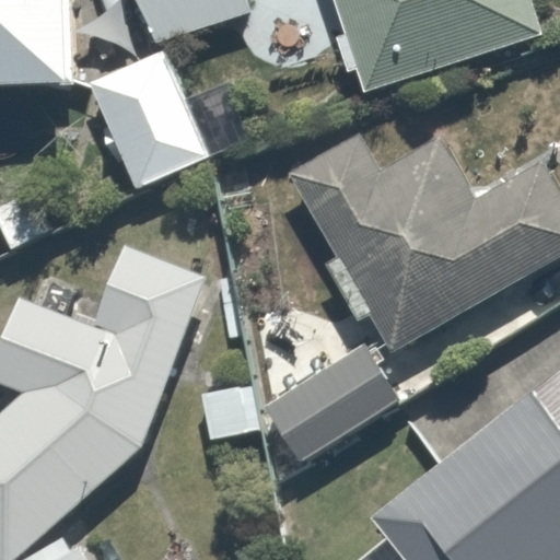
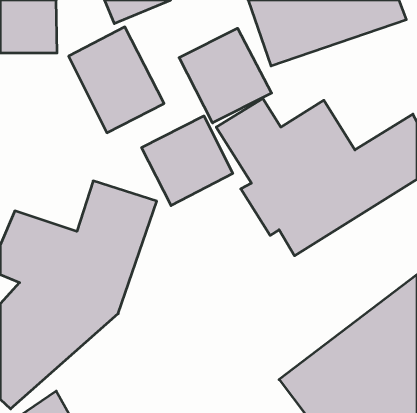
building: none -> [179,28,272,123]
building: none -> [142,116,233,206]
building: [264,354,389,472] -> none

